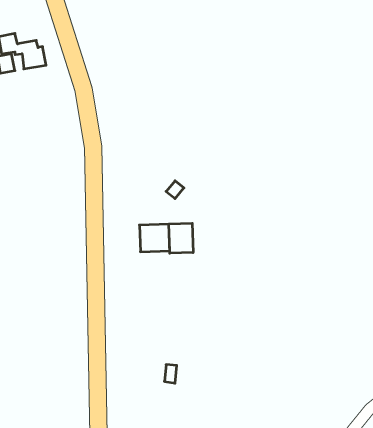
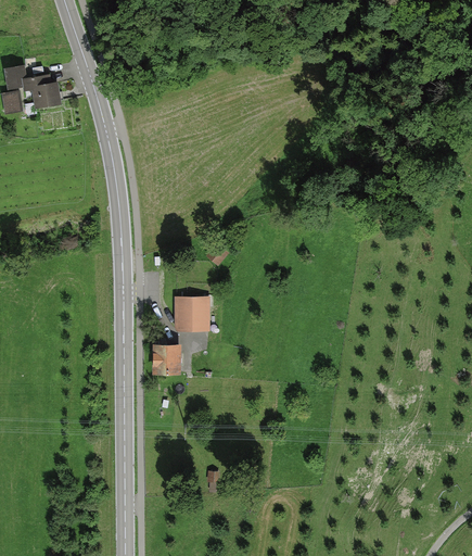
building: [169,223,193,253] -> none
building: none -> [157,345,187,377]

